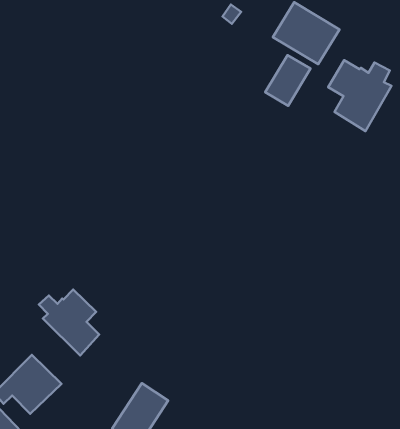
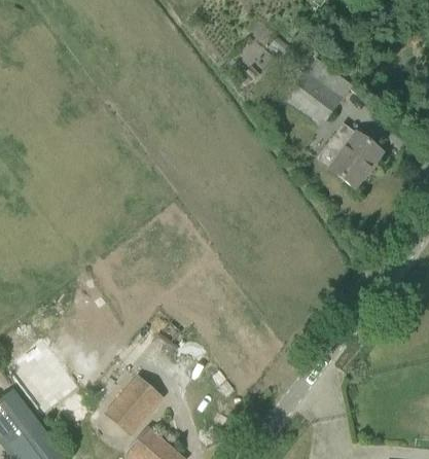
building: [265,55,311,106] -> none
building: [39,290,99,355] -> none

